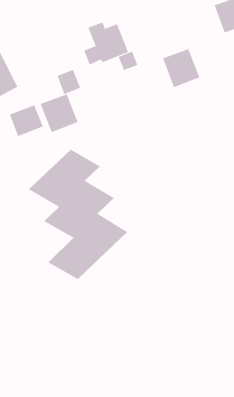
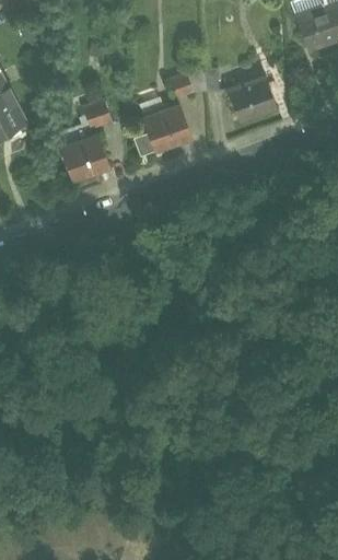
building: [84,22,129,65] -> [132,98,194,158]
building: [9,105,44,137] -> none
building: [28,149,128,280] -> none

